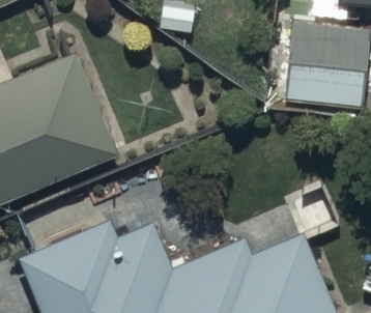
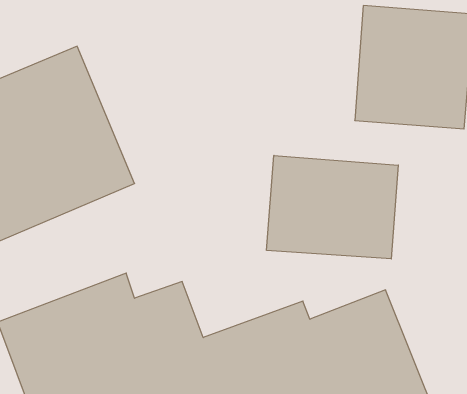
building: none -> [267,155,398,259]

